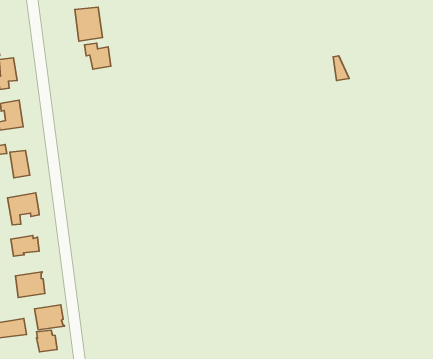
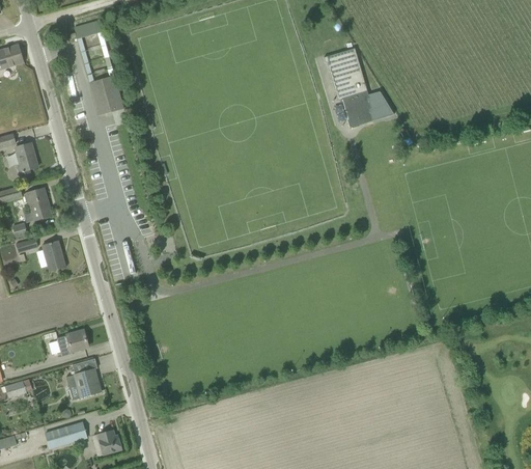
building: none -> [323,47,372,128]
building: [85,43,111,69] -> none
building: [7,193,39,225] -> none
building: [35,305,64,330] -> none

